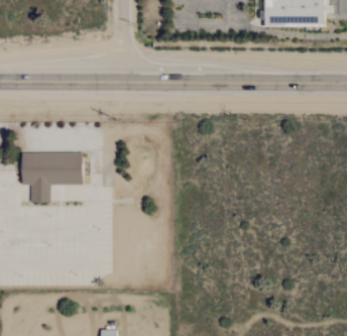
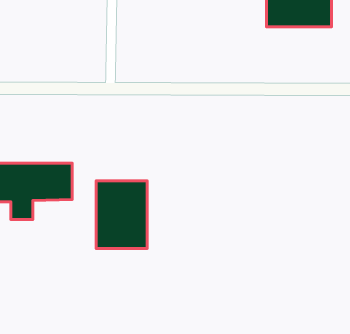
building: none -> [96,181,147,248]

